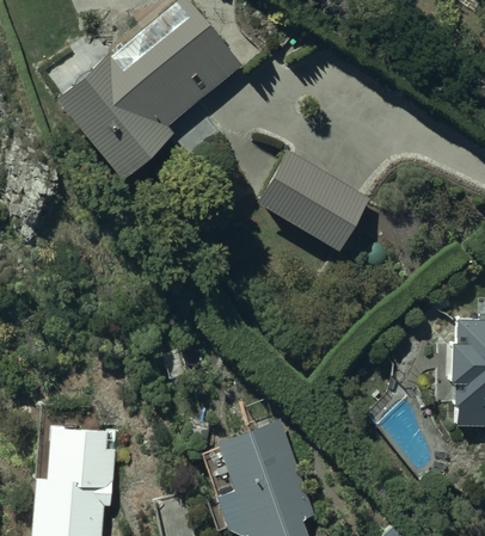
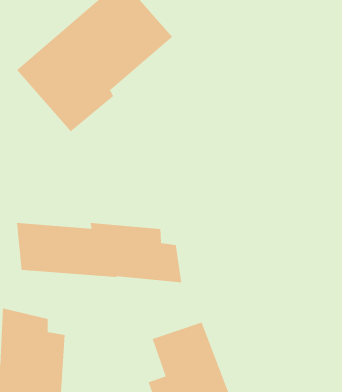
building: [257,154,367,252] -> none
building: none -> [17,222,182,283]

